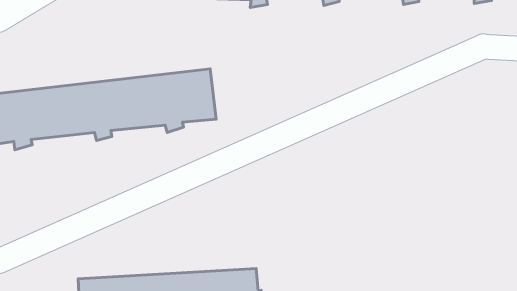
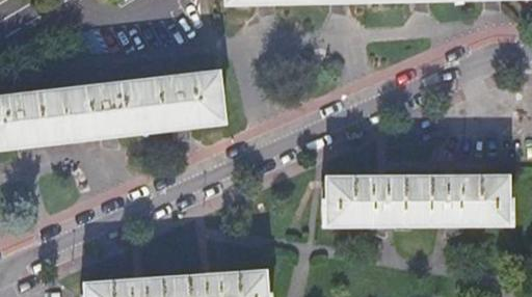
building: none -> [323,177,512,237]

